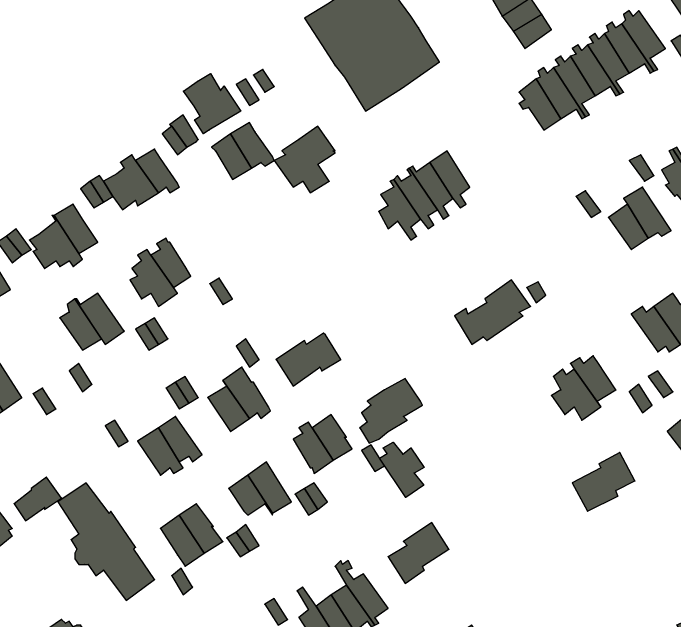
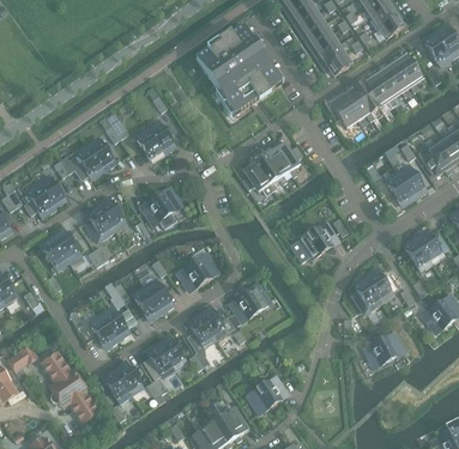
building: [183,74,241,134] -> none
building: [274,126,335,193] -> [141,186,180,227]
building: [380,442,424,497] -> none

